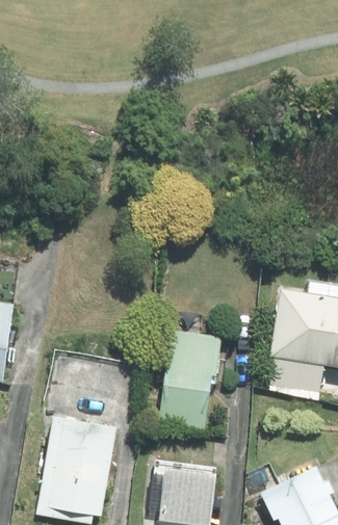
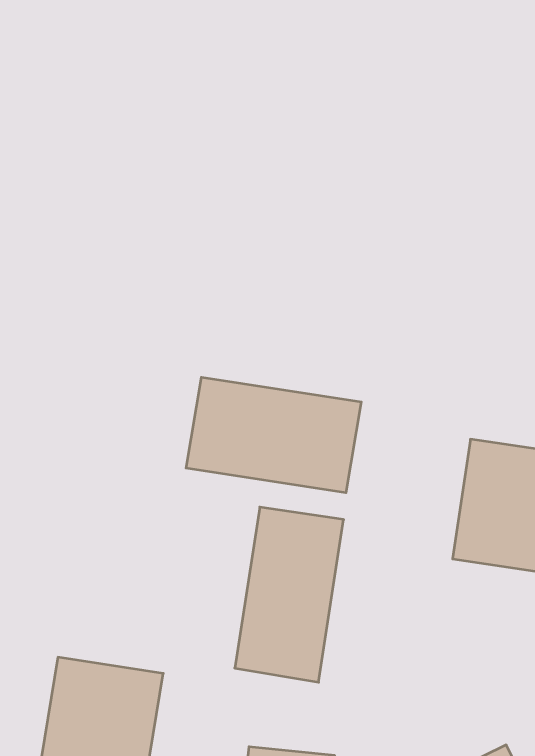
building: none -> [186,377,361,493]

